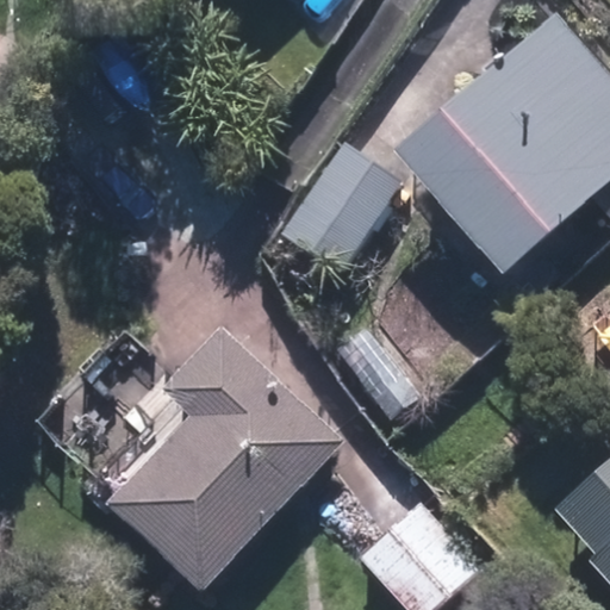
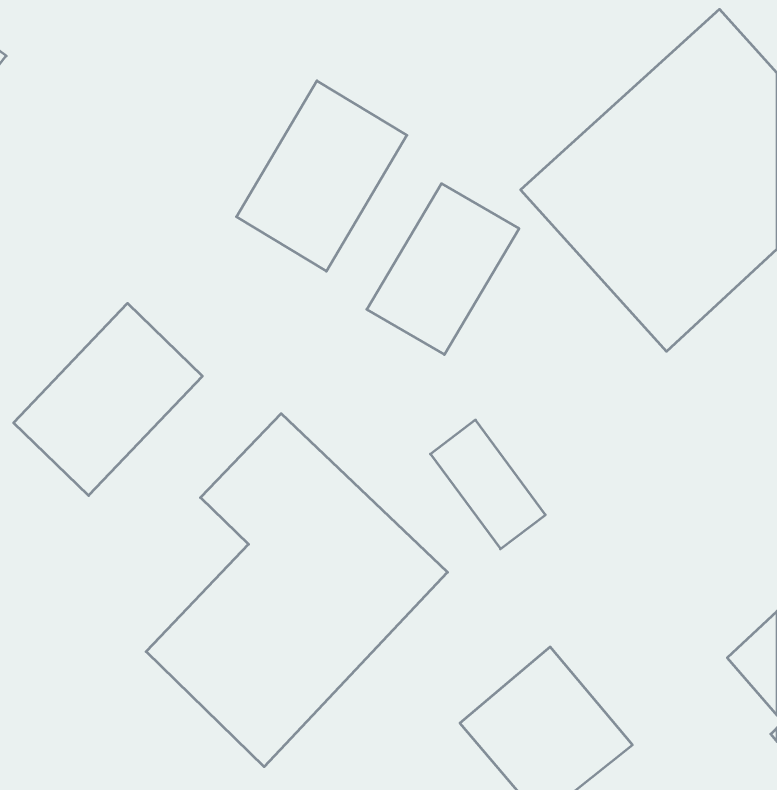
building: none -> [236,81,407,271]
building: none -> [14,303,202,496]

